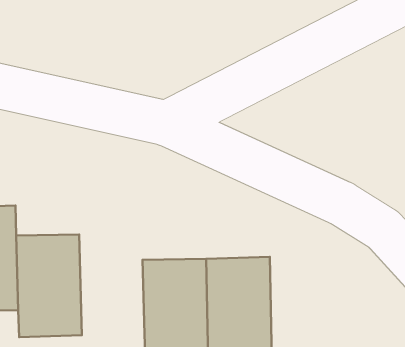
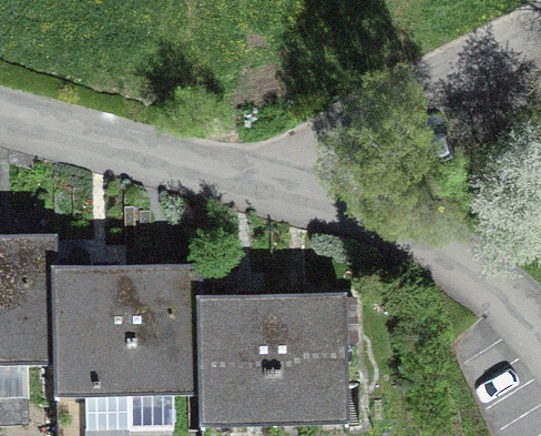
building: none -> [124,270,200,387]

